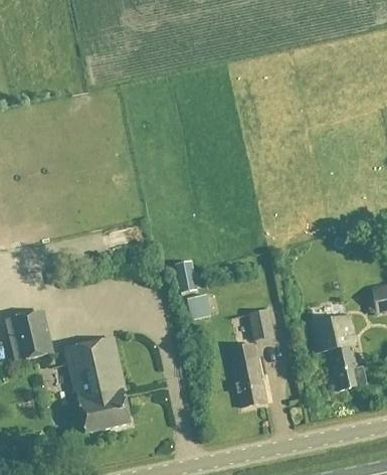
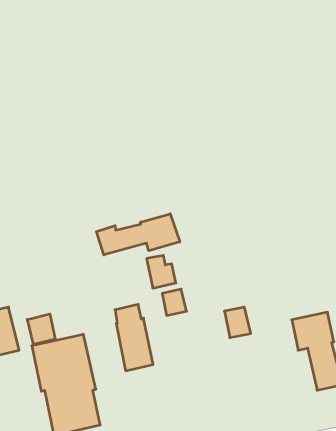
building: none -> [96,214,180,255]
building: none -> [27,314,55,344]
building: [230,343,266,407] -> [115,304,153,371]

